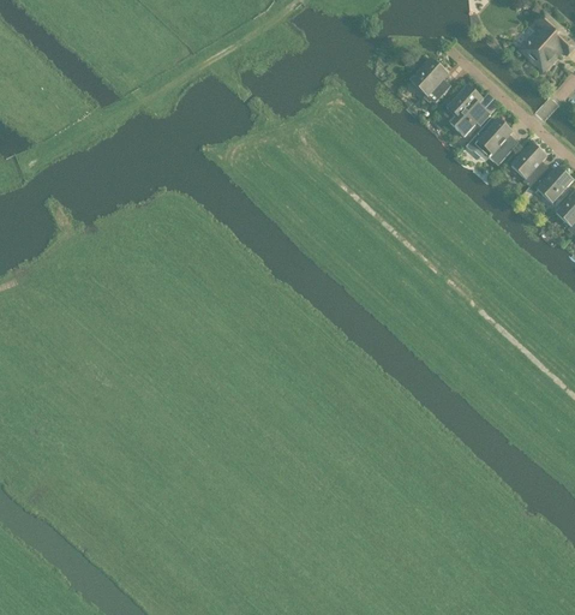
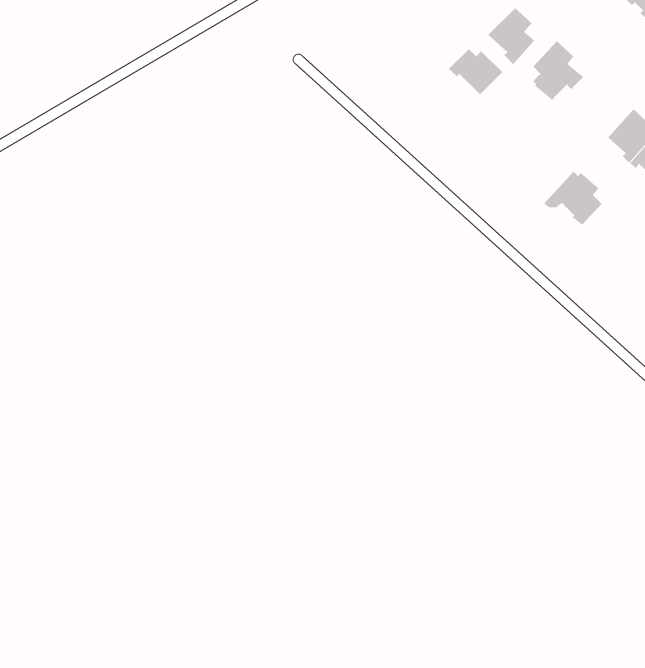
building: none -> [448,49,503,95]
building: [467,119,516,165] -> [543,171,602,226]

